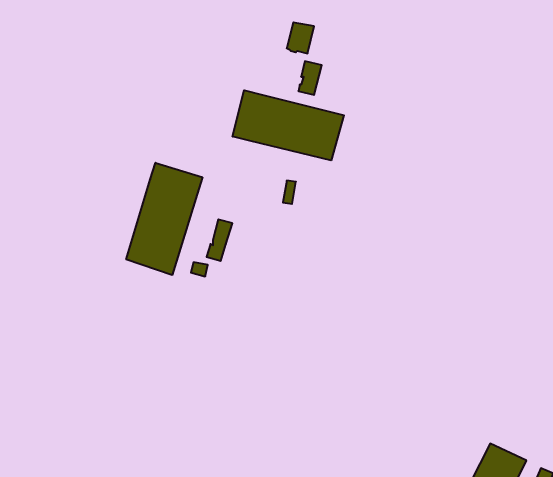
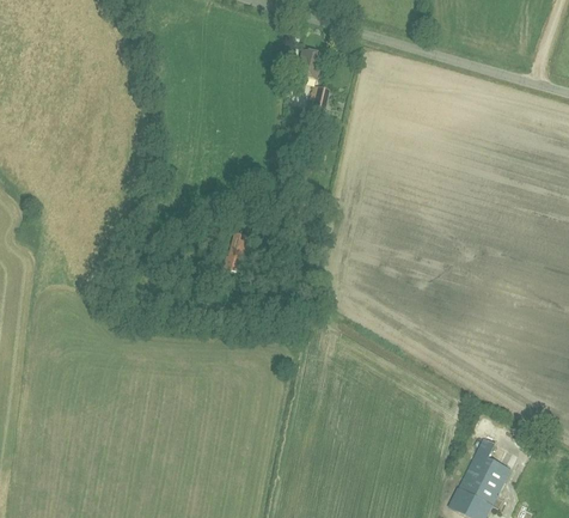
building: [233,90,344,160] -> none
building: [126,163,202,275] -> none

